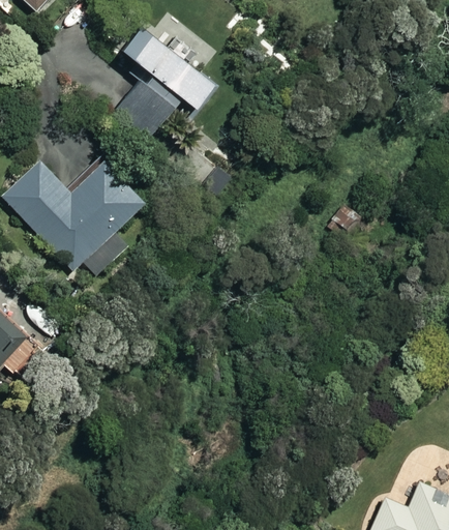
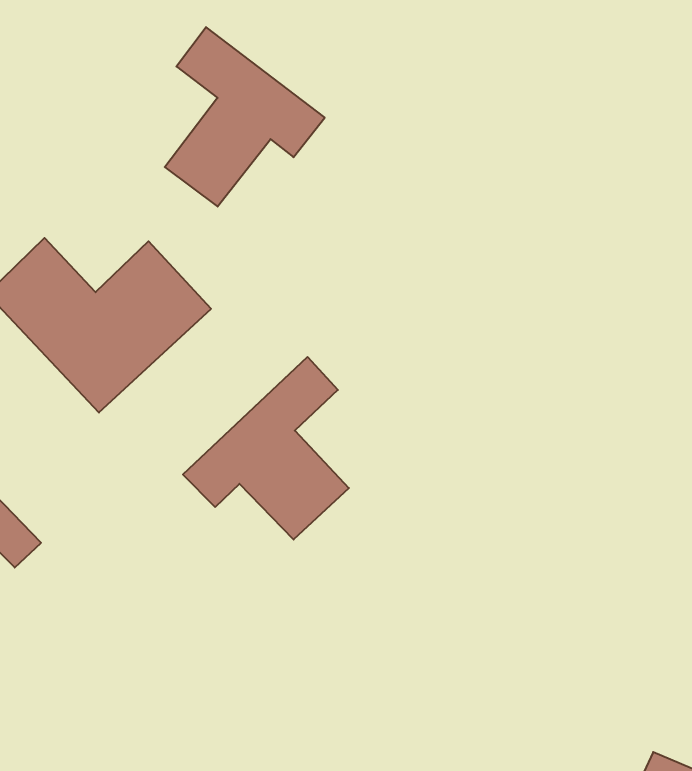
building: none -> [183,357,349,540]

